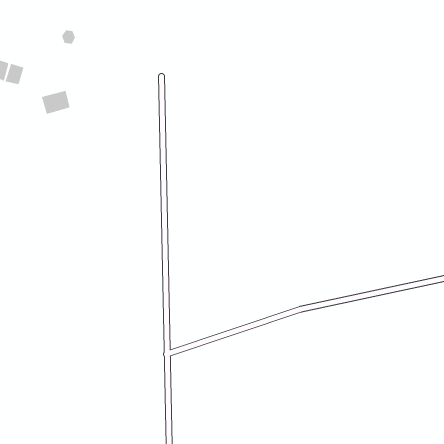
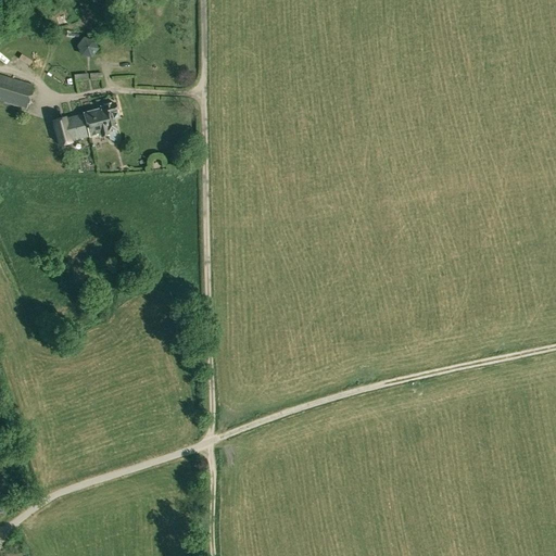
building: none -> [83,101,115,136]

